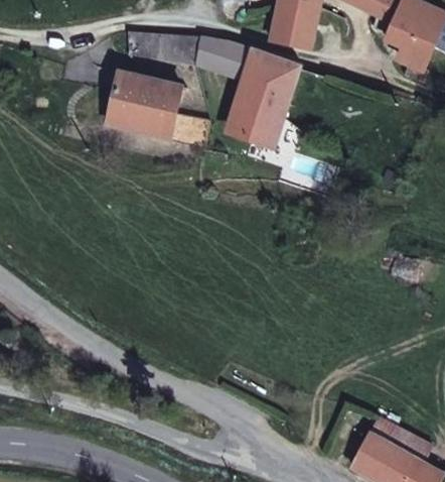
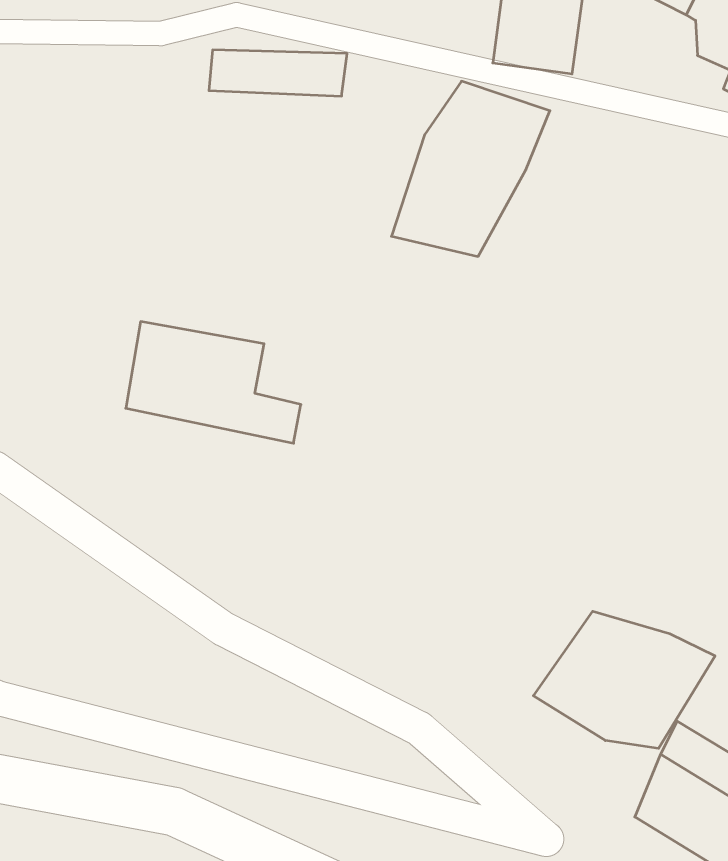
building: [190,35,256,80] -> none
building: [105,81,200,147] -> [126,322,301,443]
building: none -> [533,611,715,748]

